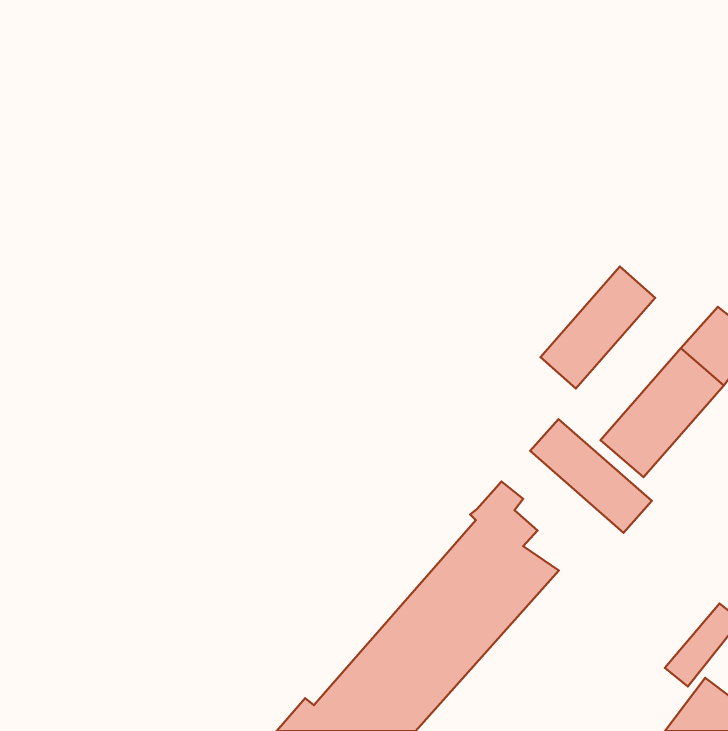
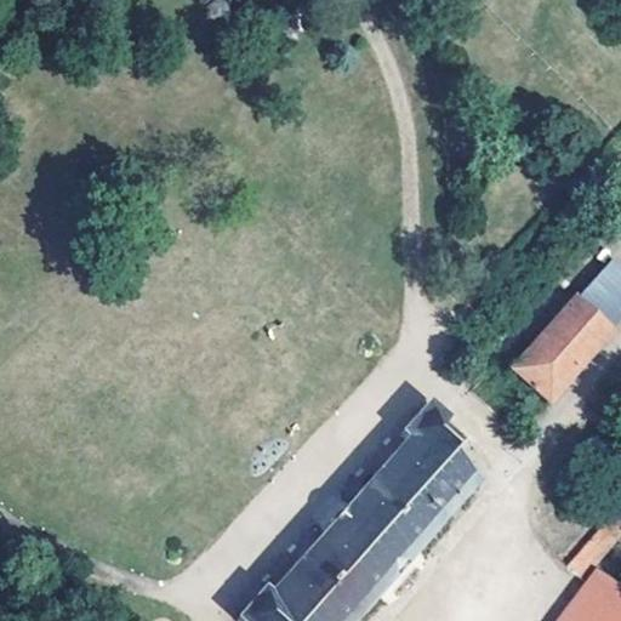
building: [540,266,655,389] -> none
building: [530,419,652,533] -> none

